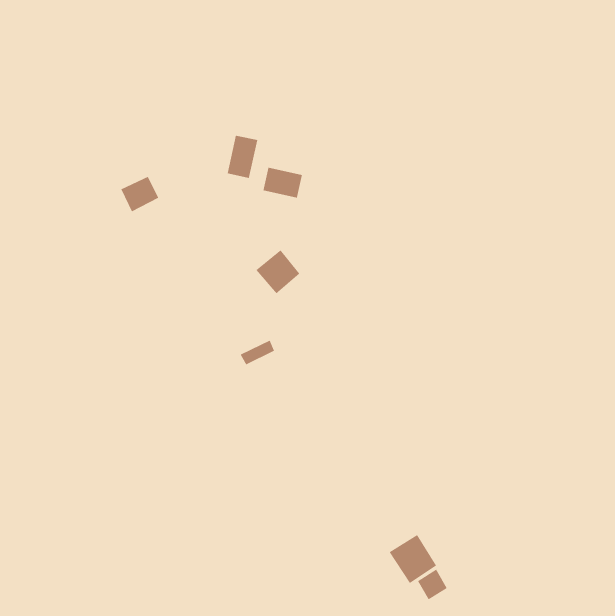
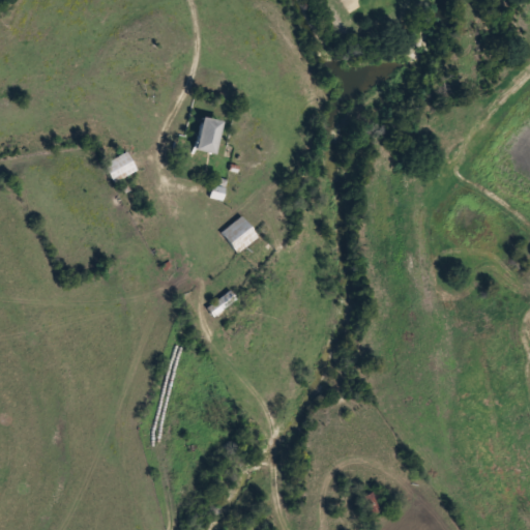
building: [263,167,303,198] -> none
building: [389,534,437,584] -> none

